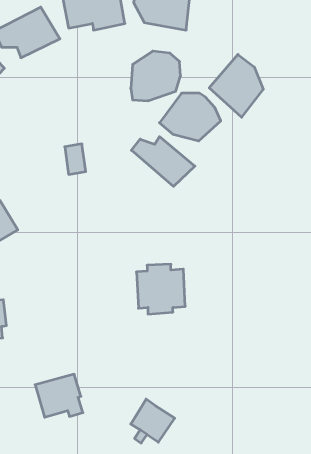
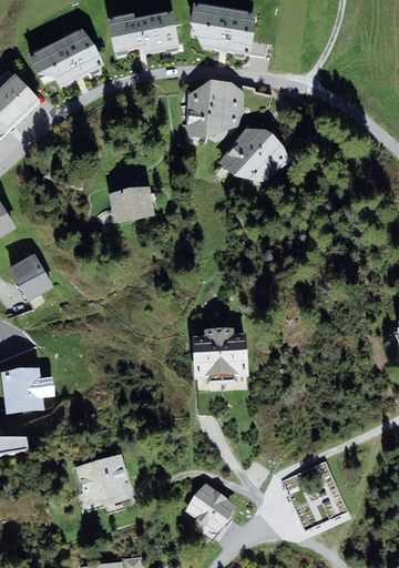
building: [209,54,263,117] -> none
building: [131,137,195,186] -> none
building: none -> [129,183,154,219]

